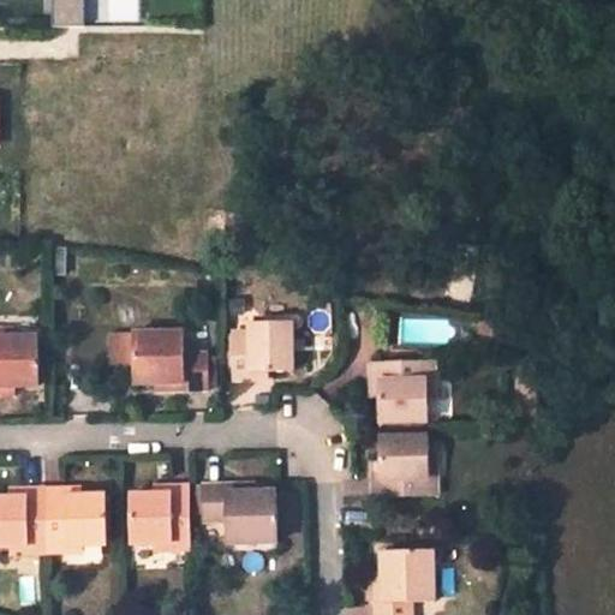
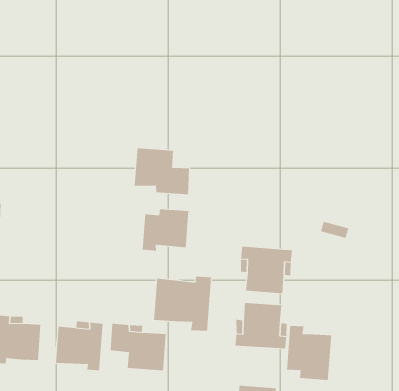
building: [131,330,208,389] -> [134,148,190,195]
building: none -> [154,276,211,332]
building: none -> [287,325,332,381]

